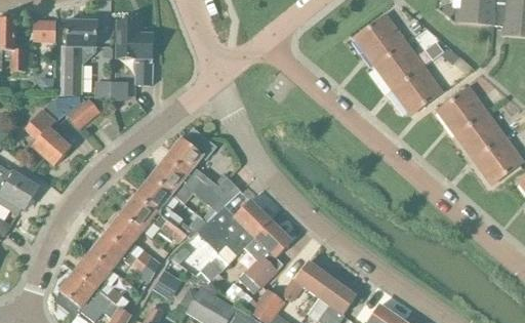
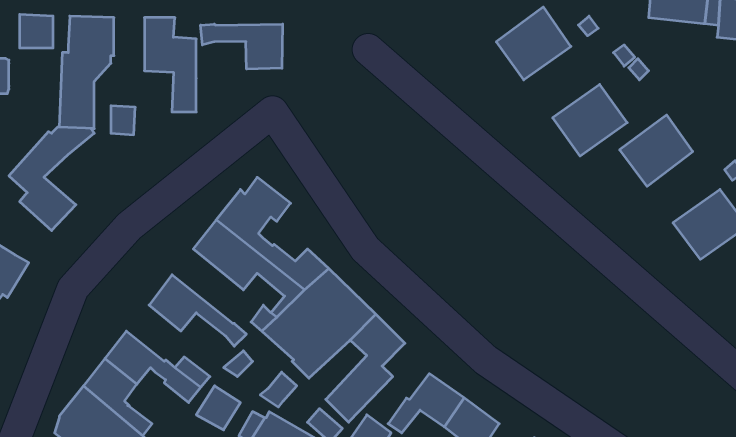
building: none -> [201,24,283,69]
building: [372,40,423,88] -> none
building: [66,98,99,128] -> none
building: [455,111,504,159] -> none
building: [135,176,181,227] -> none
building: [105,214,142,252] -> none

